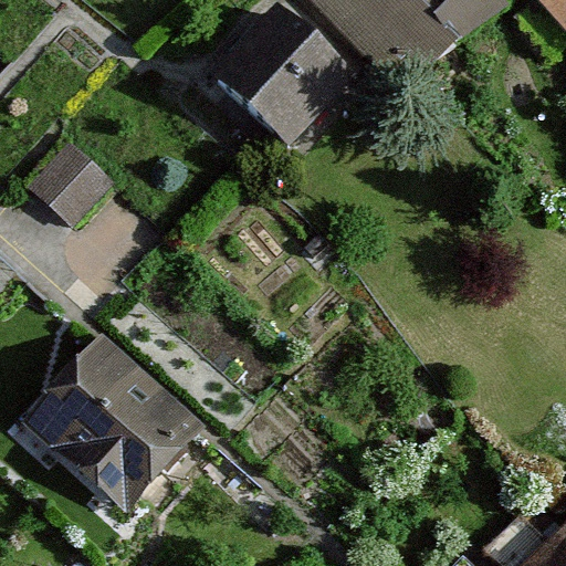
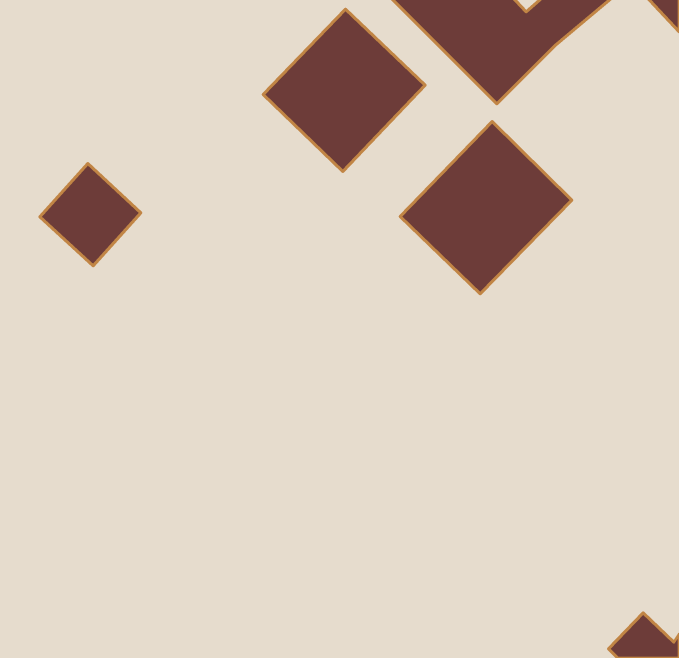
building: none -> [400,121,572,294]
building: [41,340,197,505] -> none

